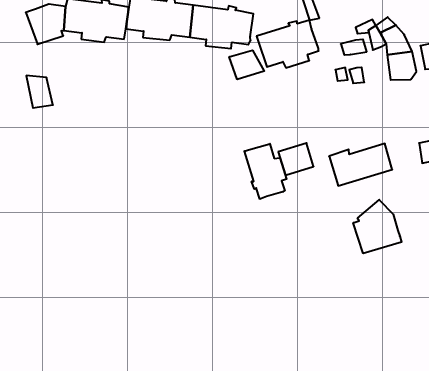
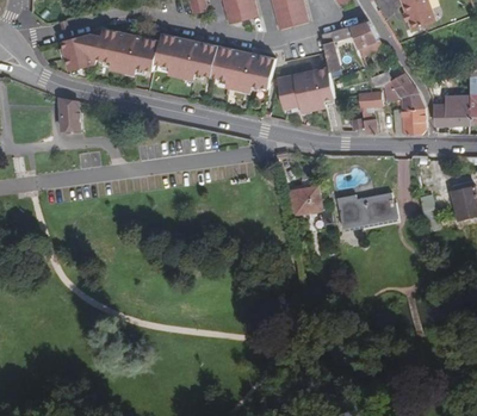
building: [229,50,264,79] -> none
building: [244,144,287,199] -> none
building: [353,200,402,253] -> none

